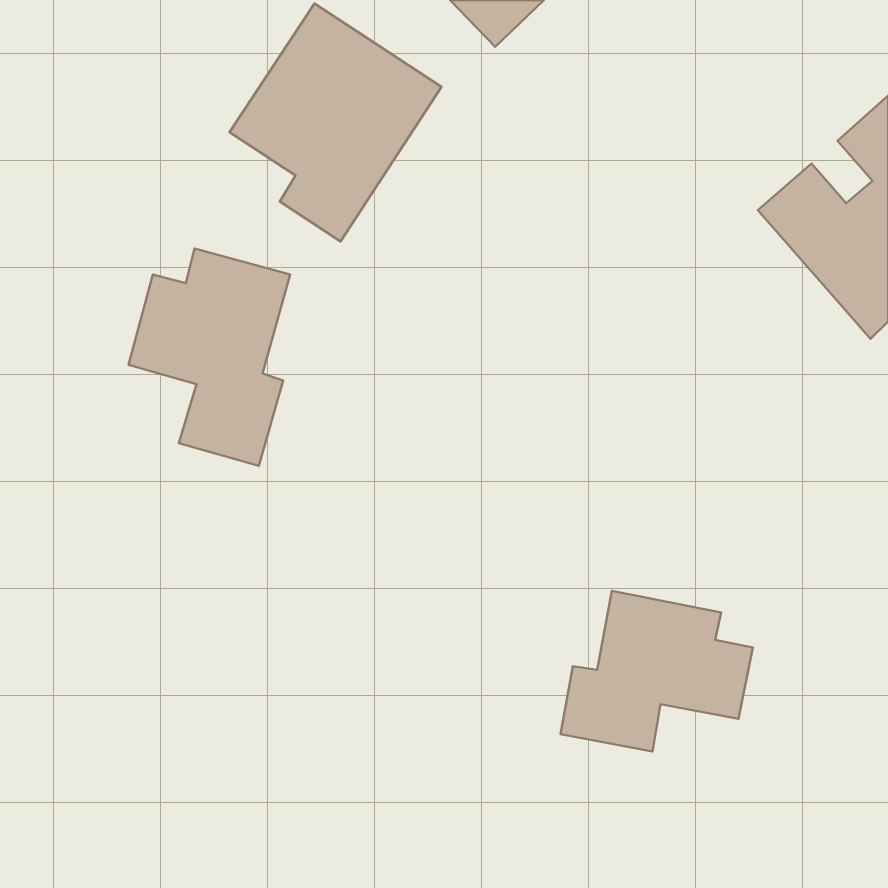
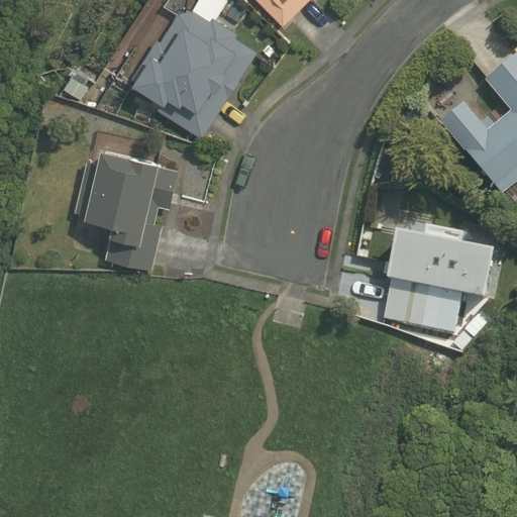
building: none -> [385,230,505,335]
building: [561,591,753,751] -> none

